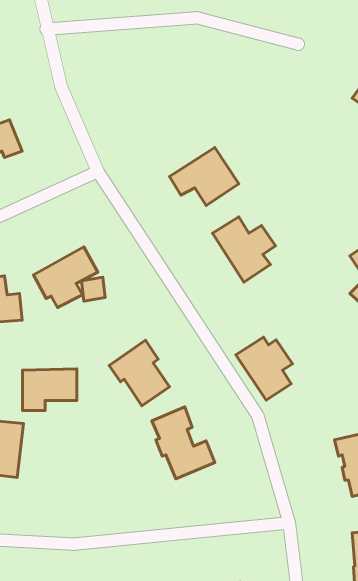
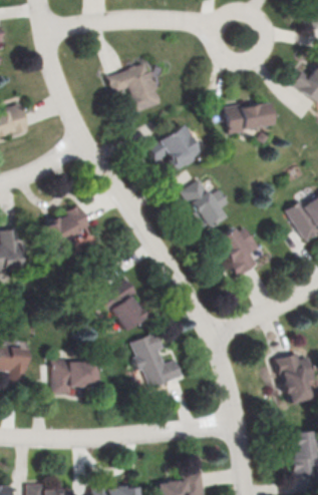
building: none -> [107,64,162,117]
building: none -> [225,103,274,134]
building: [236,337,292,400] -> [216,227,261,278]
building: [23,369,77,410] -> [53,360,96,393]

